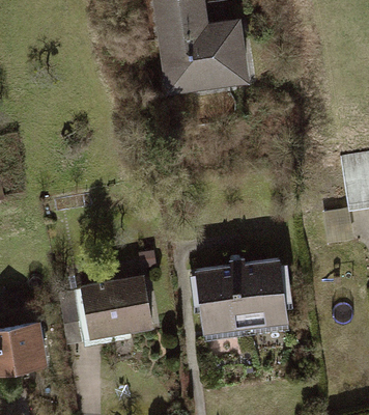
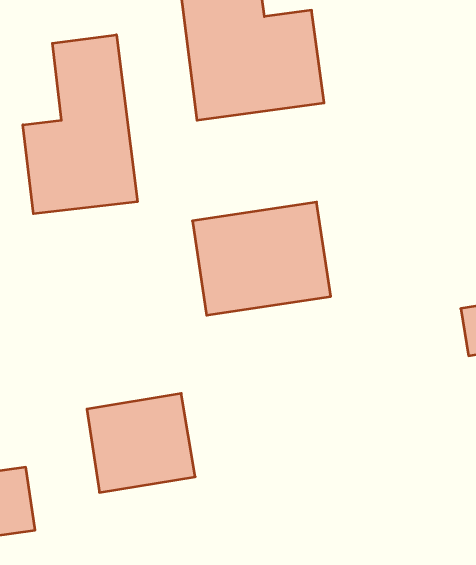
building: none -> [23,35,137,214]
building: [199,258,290,333] -> [192,202,331,315]

